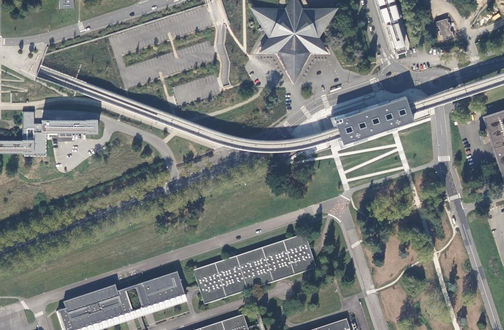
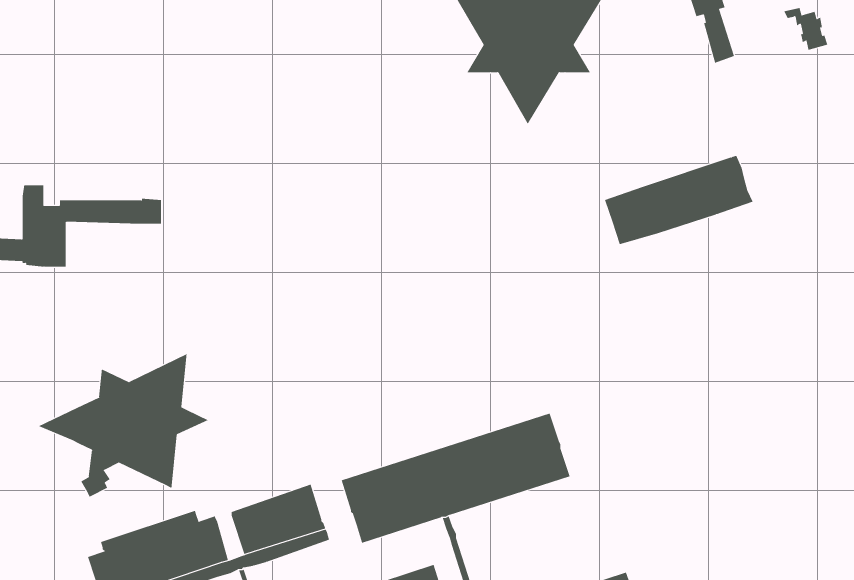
building: none -> [37,353,209,497]

